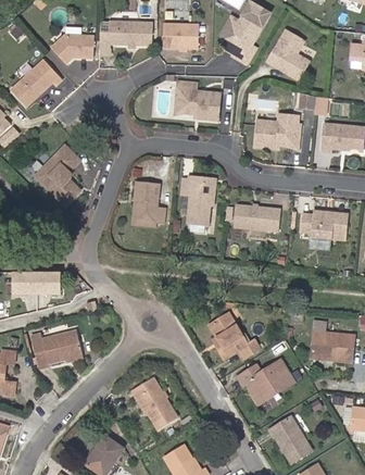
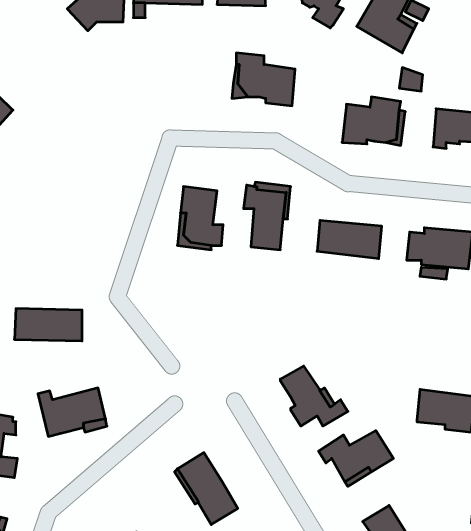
building: [11,61,62,108] -> none
building: [41,147,81,208] -> none

